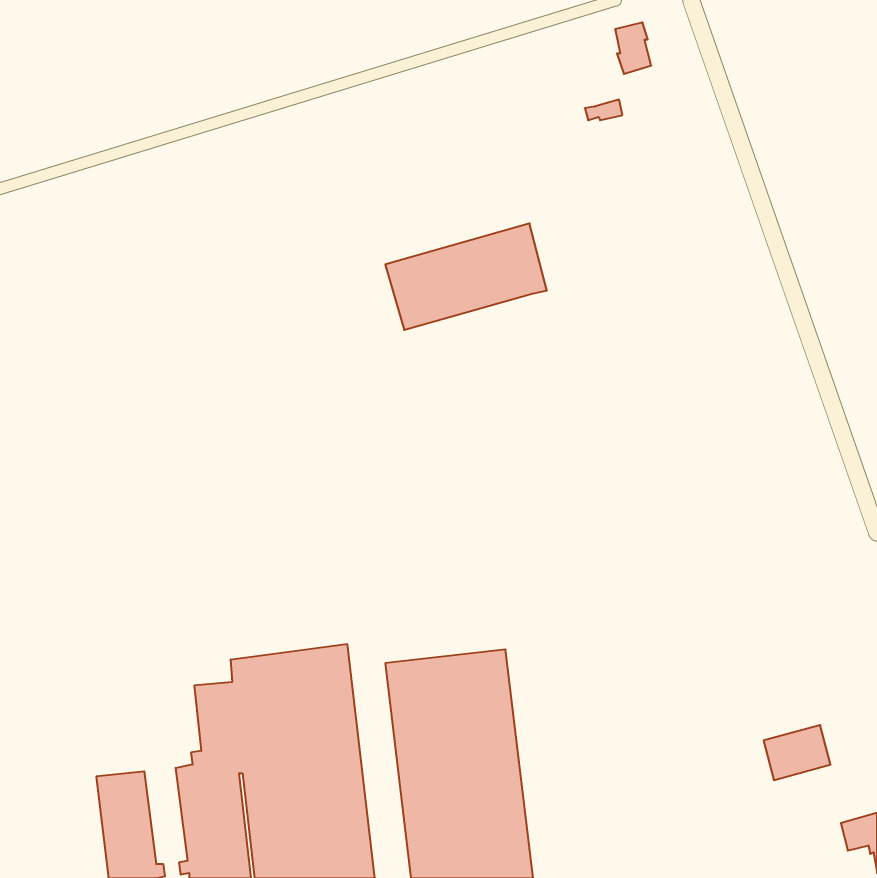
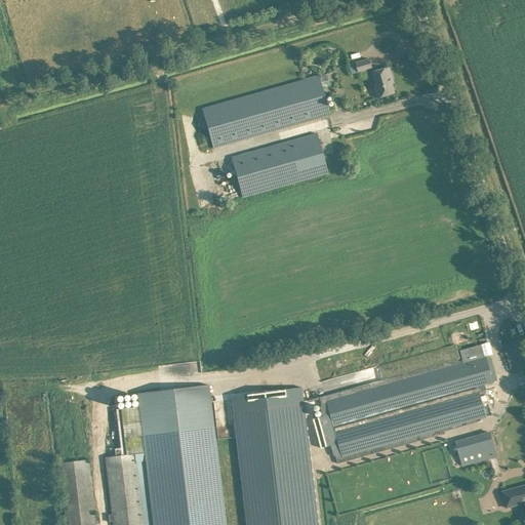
building: [615,22,651,74] -> [372,68,394,98]
building: none -> [200,76,328,149]
building: none -> [319,357,492,463]

